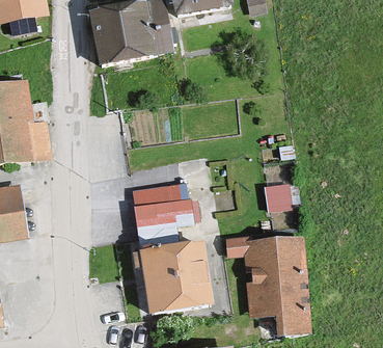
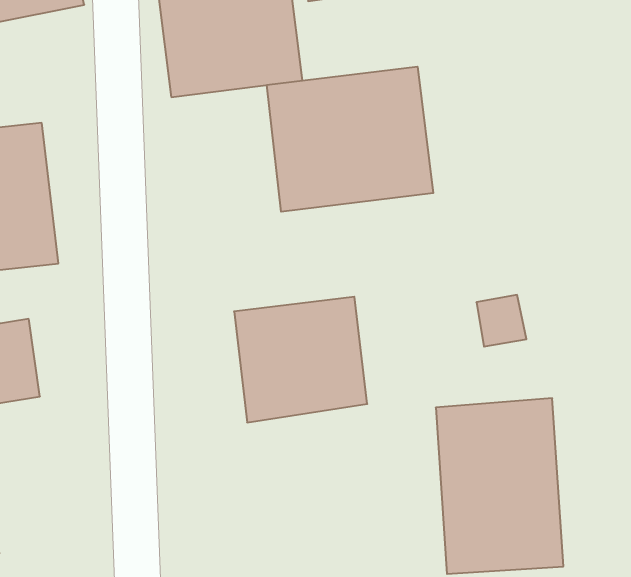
building: none -> [267,67,433,212]
building: [139,239,217,317] -> none

